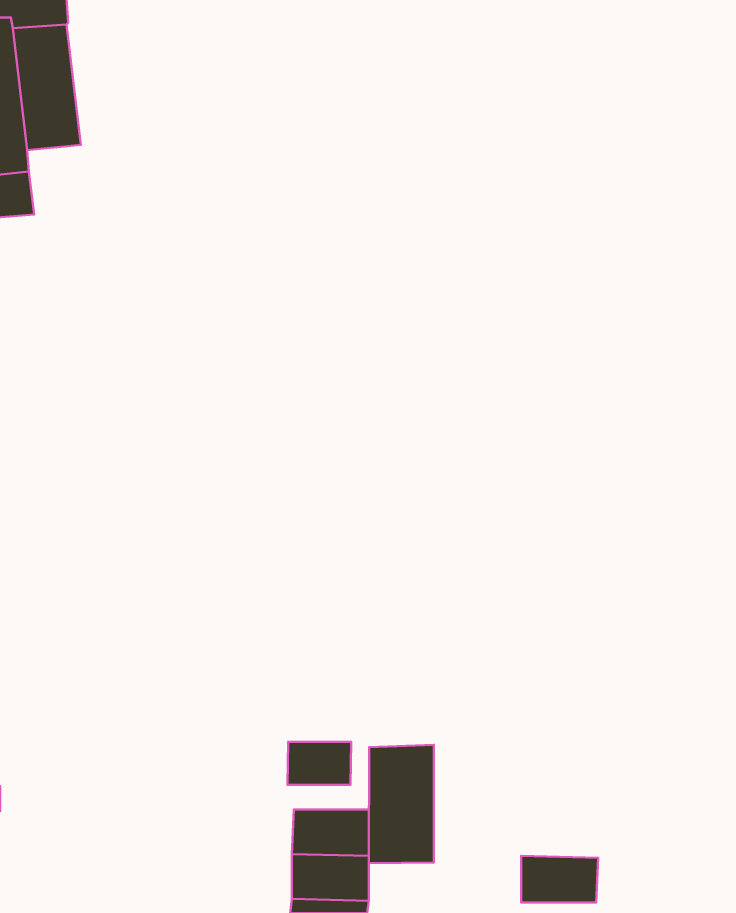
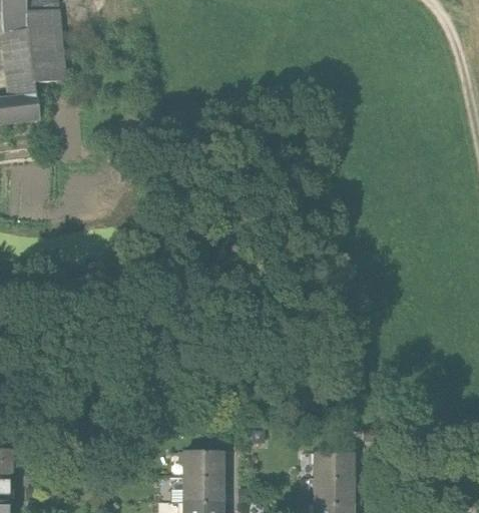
building: [287,742,351,785] -> none
building: [369,745,434,863] -> none
building: none -> [311,454,354,480]

